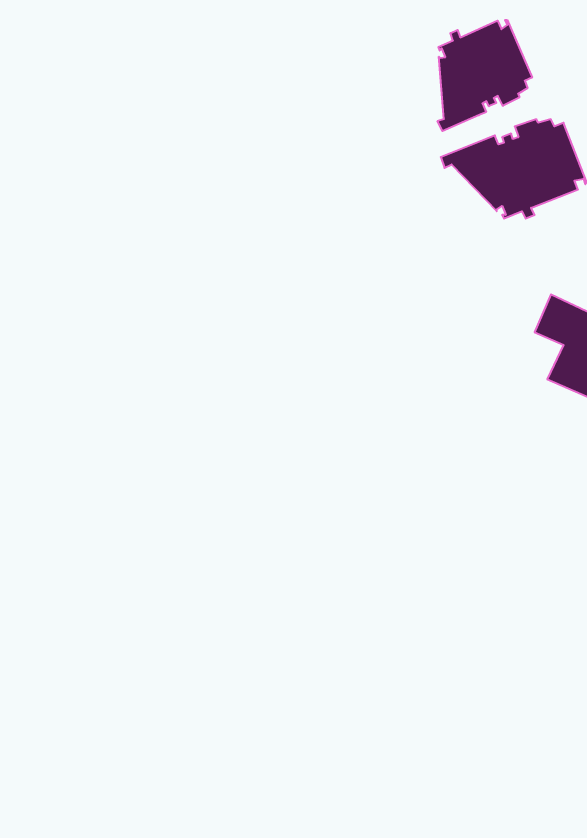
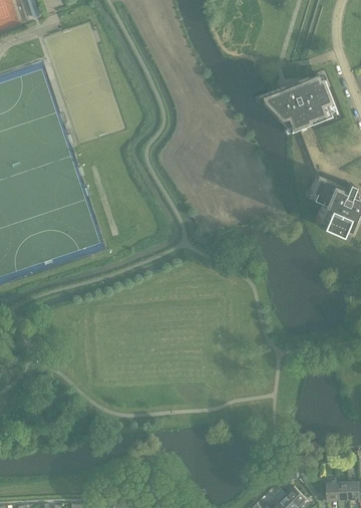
building: [438,20,532,131] -> none

